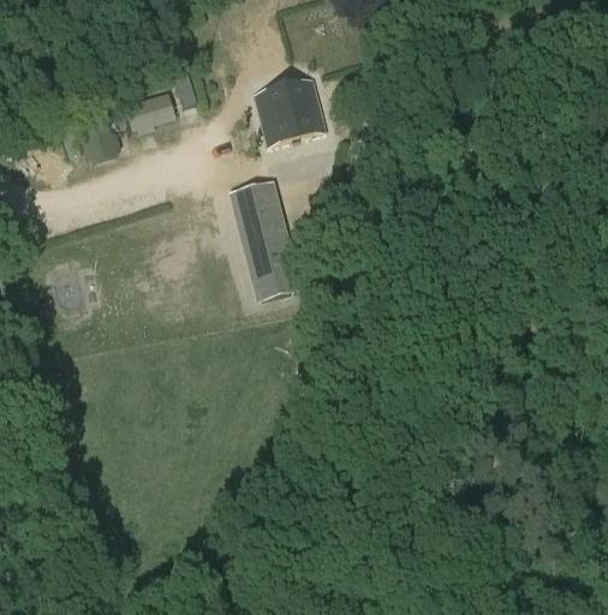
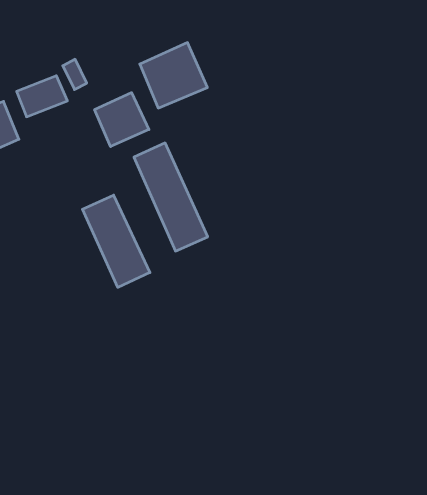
building: none -> [95,93,149,147]
building: none -> [82,195,150,287]

